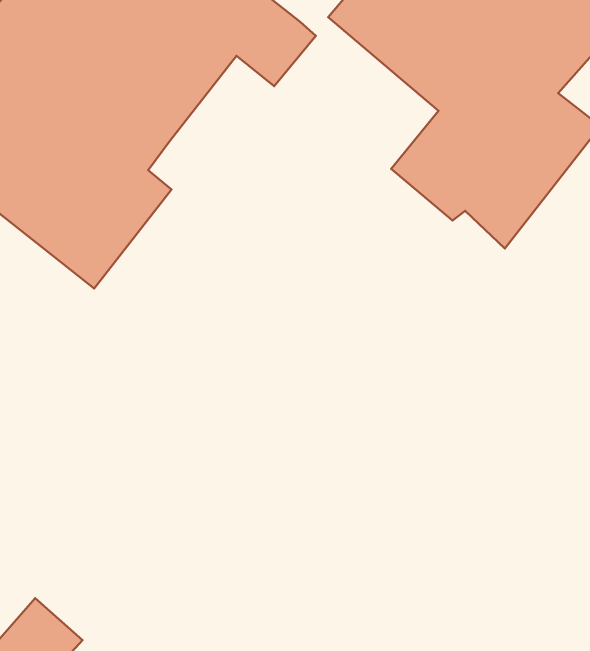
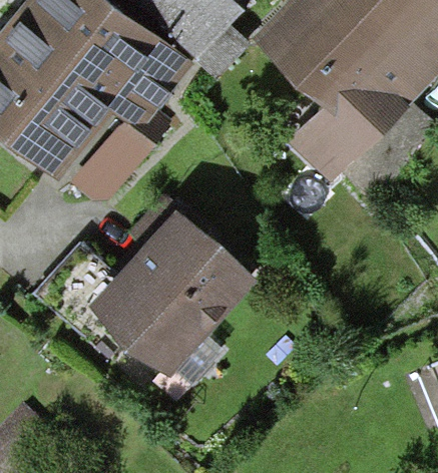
building: none -> [87,208,250,373]

